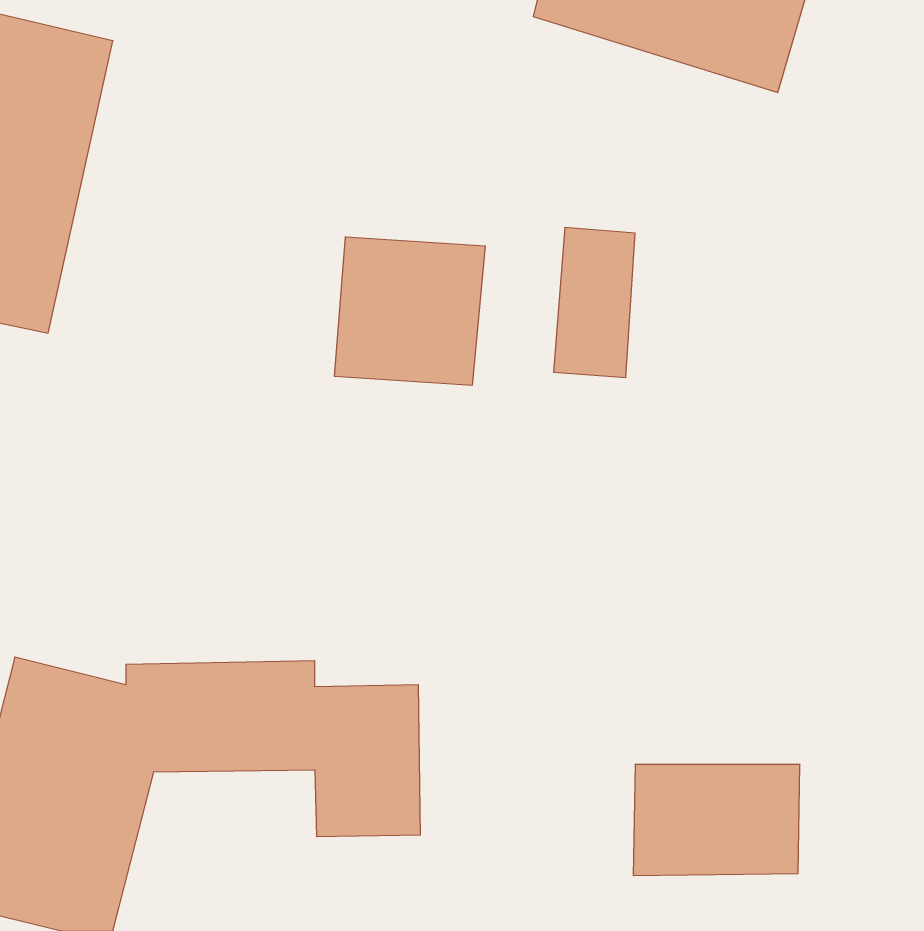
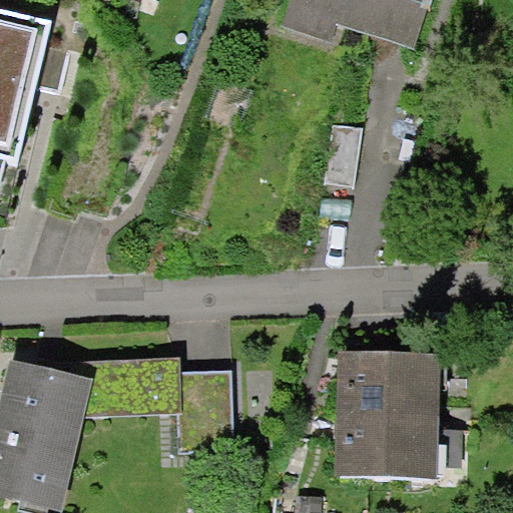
building: [335,237,485,385] -> none
building: none -> [343,354,433,414]

